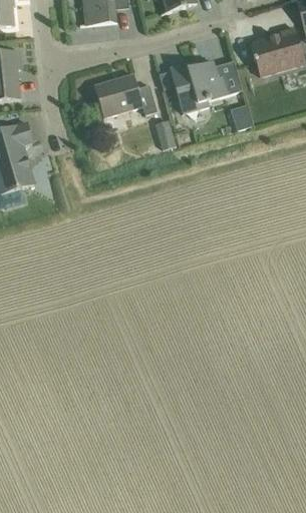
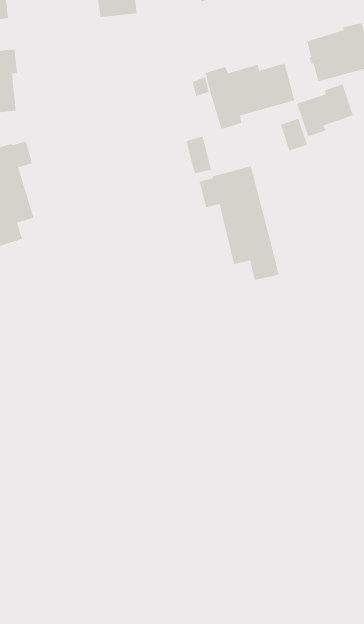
building: [94,74,157,117] -> none
building: none -> [297,84,353,137]
building: none -> [199,166,279,281]

